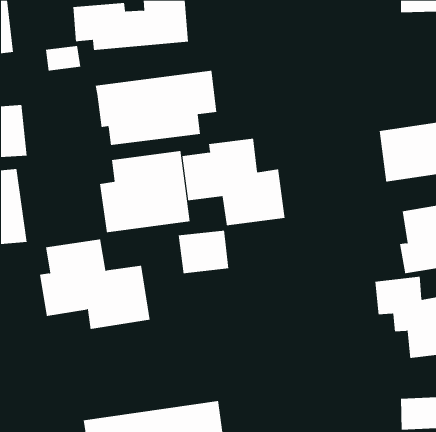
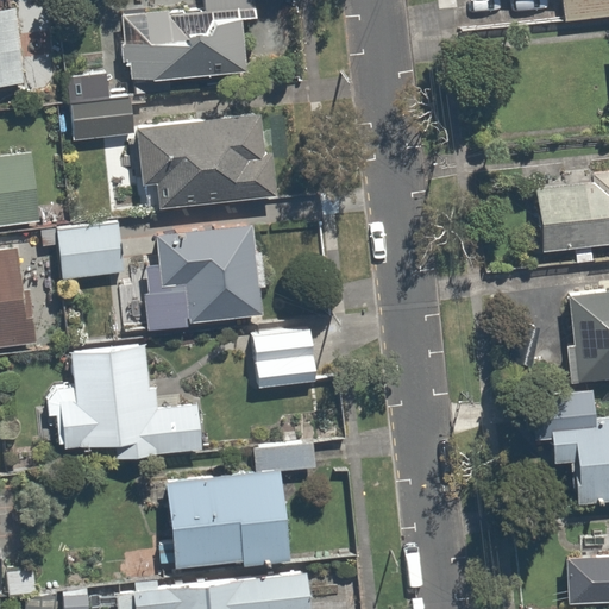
building: none -> [65,98,136,146]
building: [182,138,285,226] -> none
building: none -> [57,221,125,283]
building: none -> [165,441,315,566]

